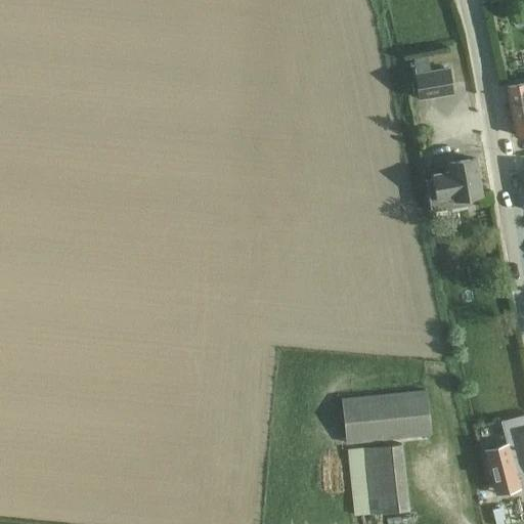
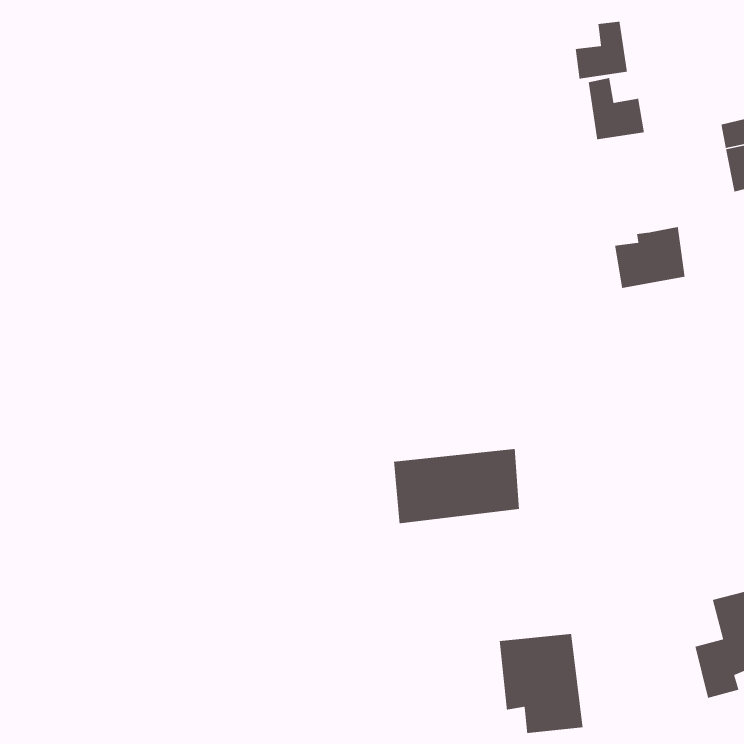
building: none -> [575,21,628,80]
building: [341,392,430,445] -> [393,448,520,524]

